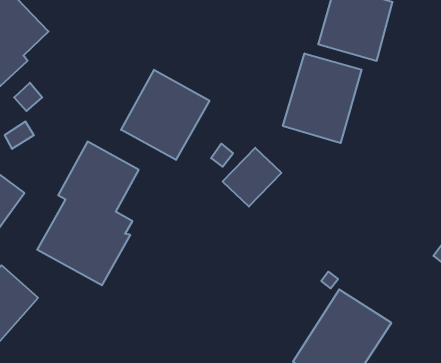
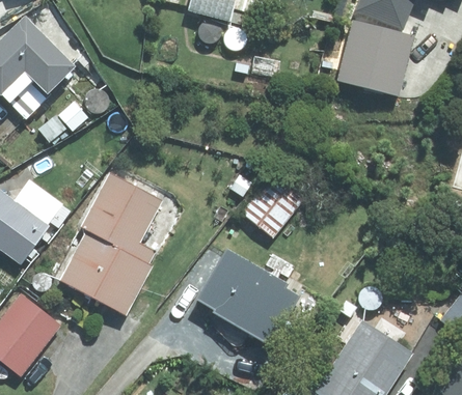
building: [283,53,362,143] -> none
building: [121,70,209,160] -> none
building: none -> [194,248,298,344]

